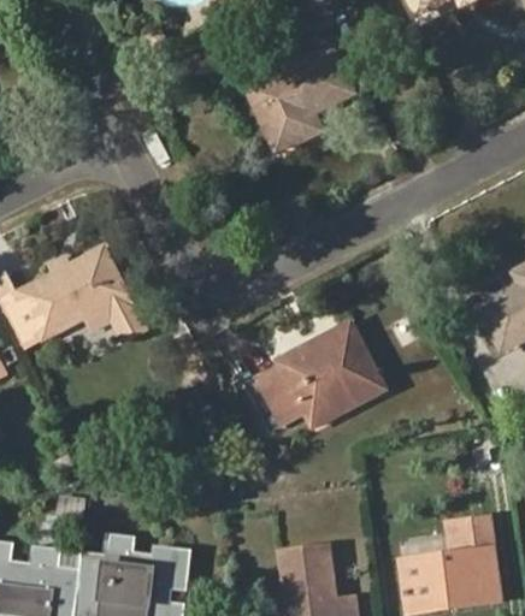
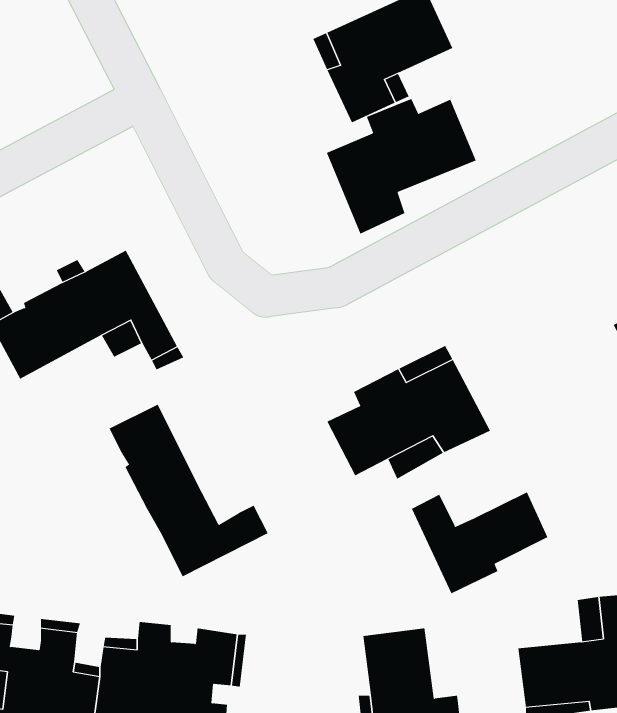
building: none -> [326,98,477,234]
building: none -> [109,404,268,577]
building: none -> [411,492,548,594]

